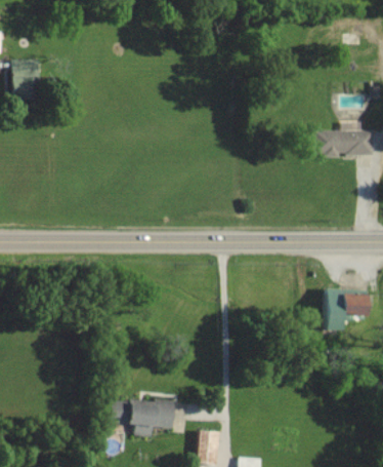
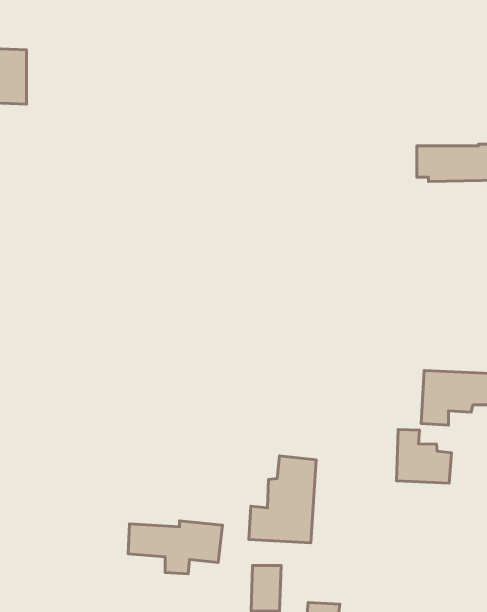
building: none -> [396,429,452,483]
building: none -> [249,456,316,543]

